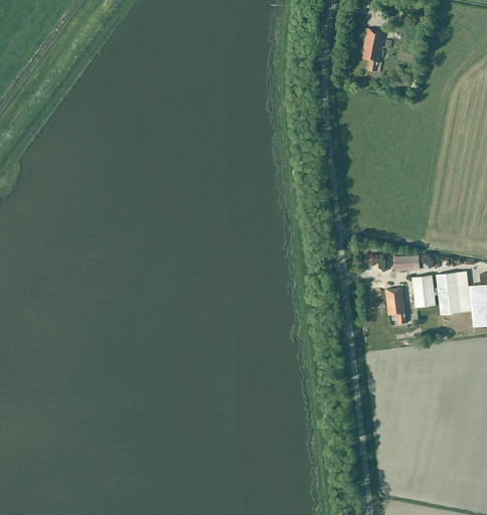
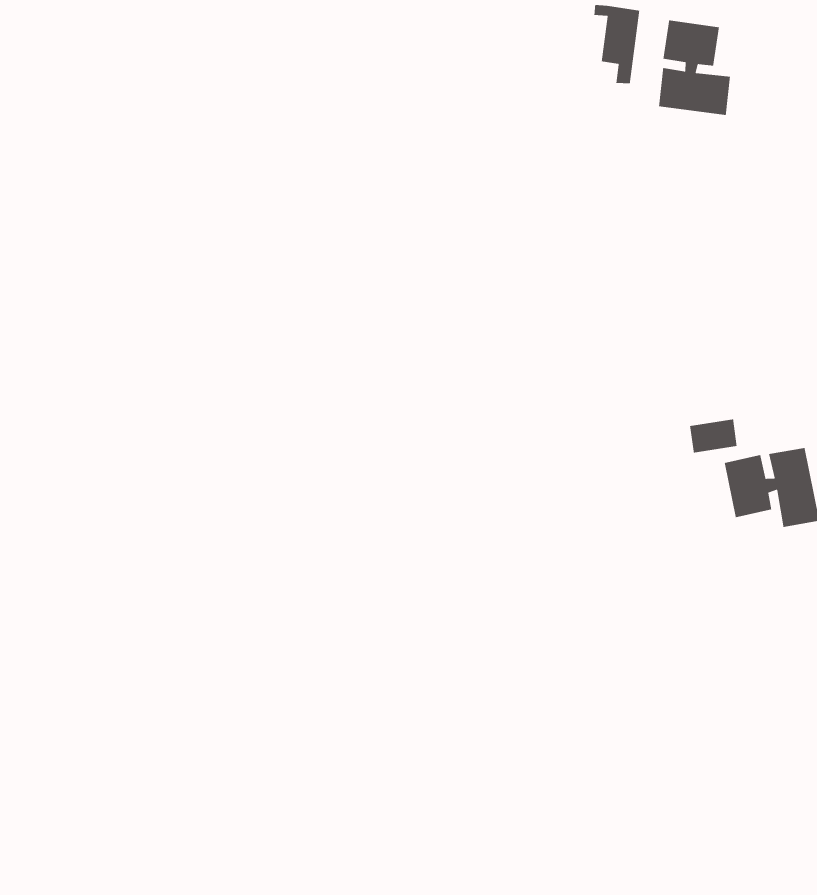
building: none -> [658,20,731,116]
building: [383,288,407,324] -> none

